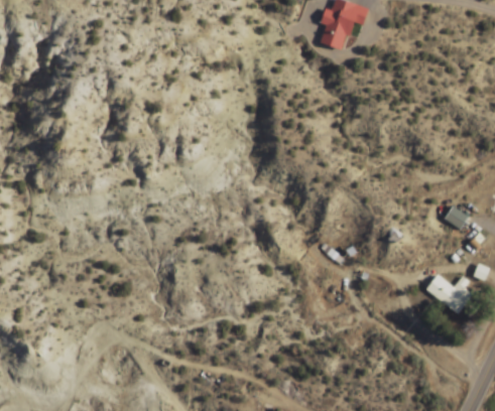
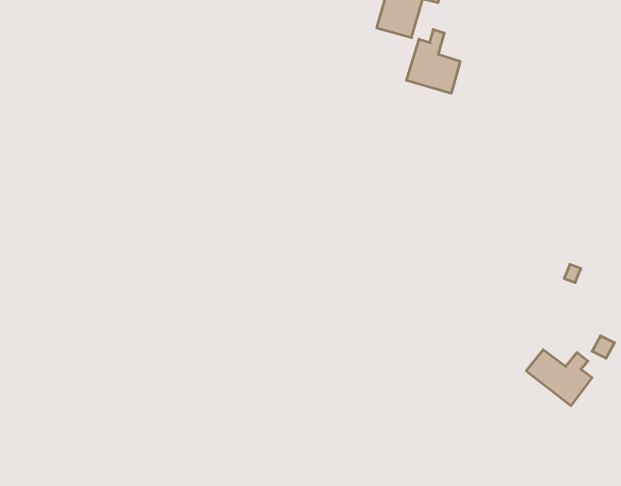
building: none -> [407,29,460,93]

